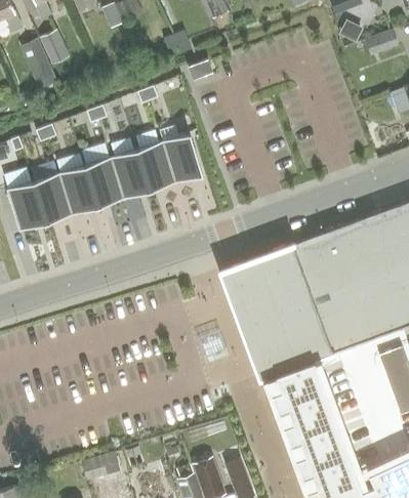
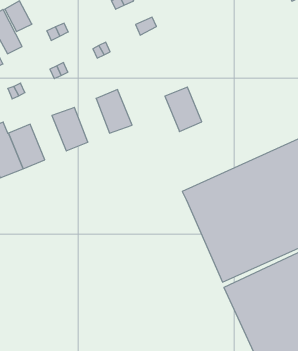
building: [161,133,201,183] -> [165,87,202,132]
building: [110,150,148,199] -> none
building: [55,154,96,215] -> none

